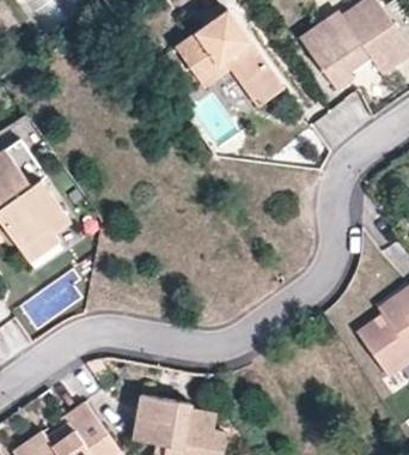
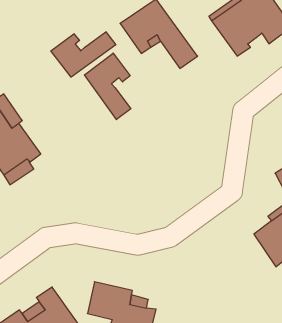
building: none -> [51,32,116,77]
building: none -> [84,53,131,120]

